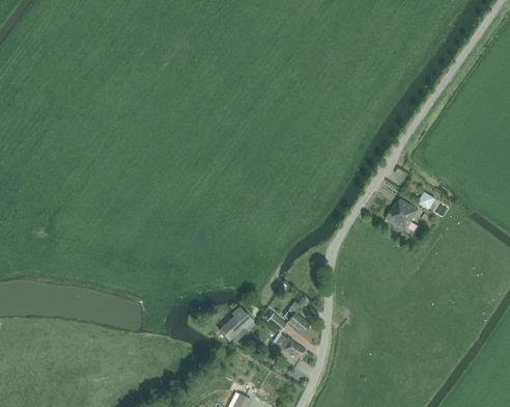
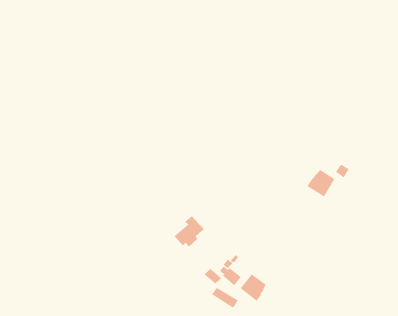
building: [219,305,254,342] -> [174,216,204,247]
building: none -> [240,273,267,302]

